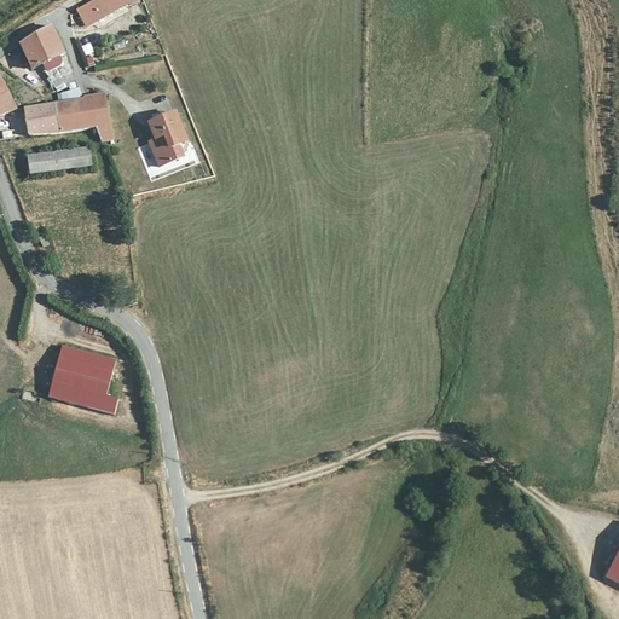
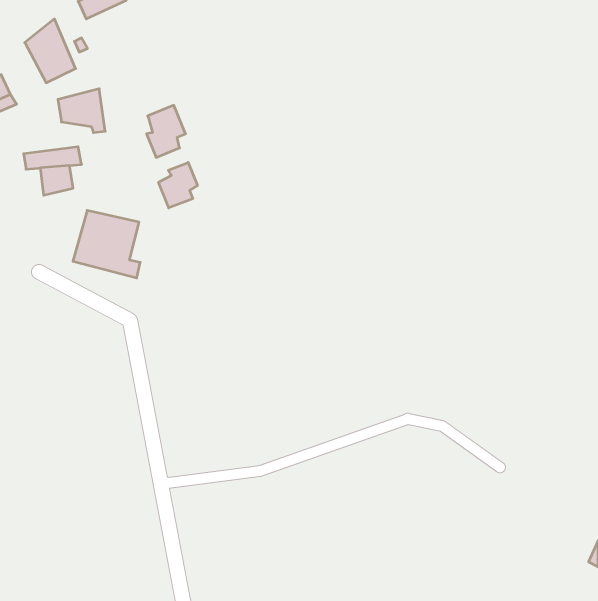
building: [29,102,63,132] -> [40,166,73,195]
building: none -> [159,162,197,208]
building: [41,342,110,411] -> [73,210,140,278]

